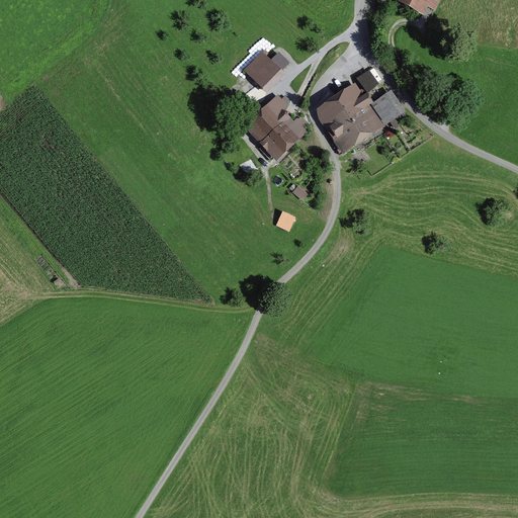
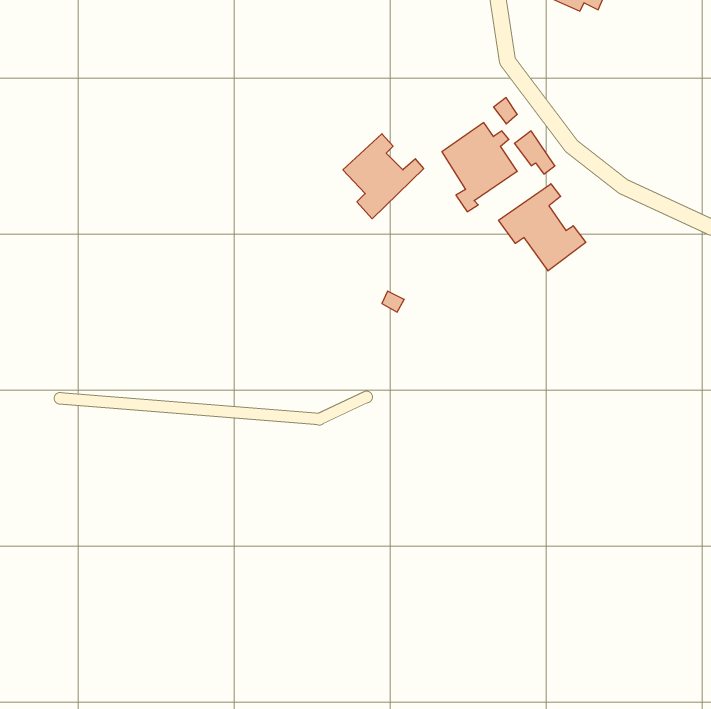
building: [245,53,280,87] -> none
building: none -> [499,184,586,271]

